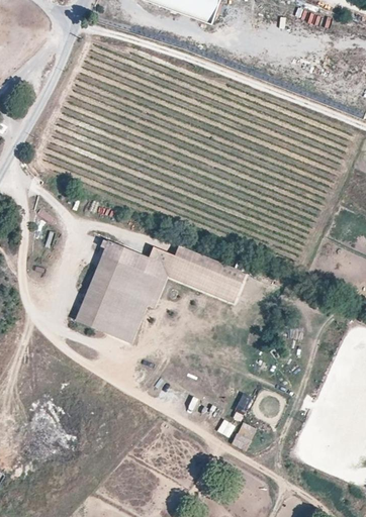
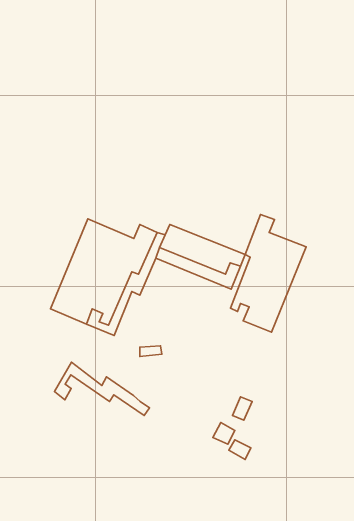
building: none -> [231,214,306,332]
building: none -> [55,362,150,415]

